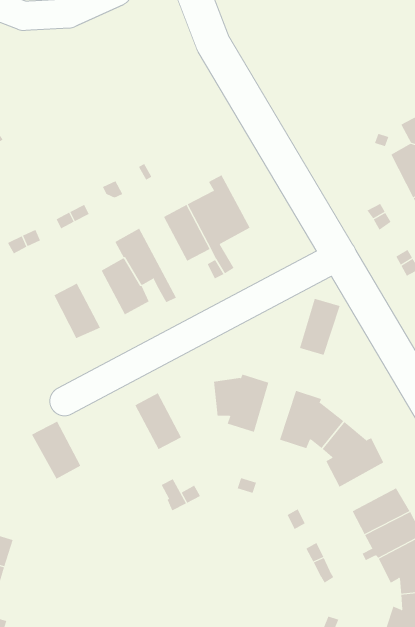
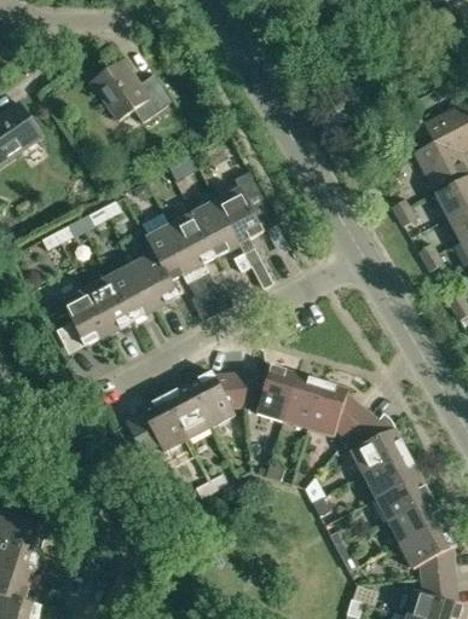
building: none -> [89,59,173,123]
building: none -> [169,213,215,291]
building: none -> [109,265,155,320]
building: none -> [53,289,108,351]
building: [299,298,340,356] -> [281,374,320,429]
building: none -> [187,371,244,427]
building: [31,421,81,479] -> [139,395,187,452]
building: none -> [363,451,418,498]

